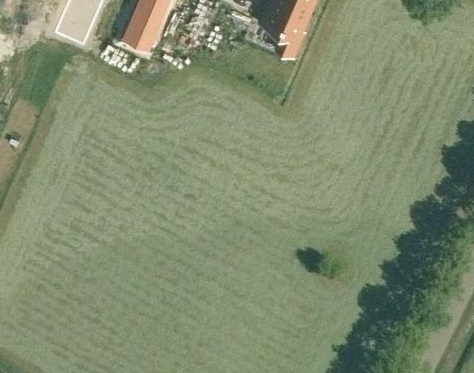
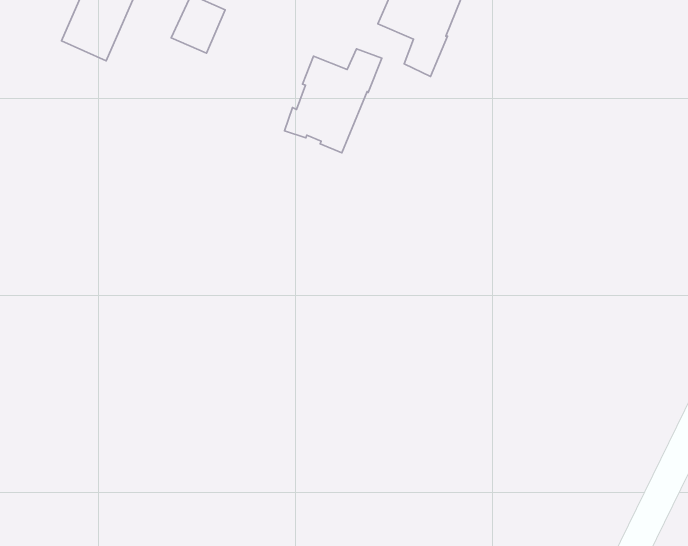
building: none -> [284,49,382,153]

